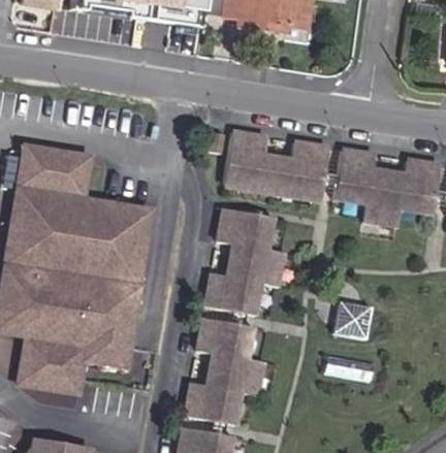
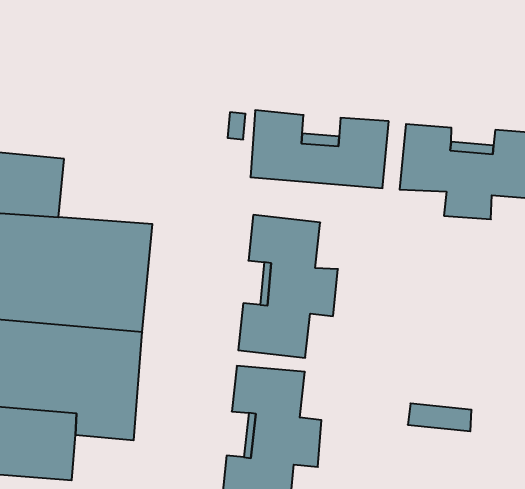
building: [332,302,371,341] -> none

